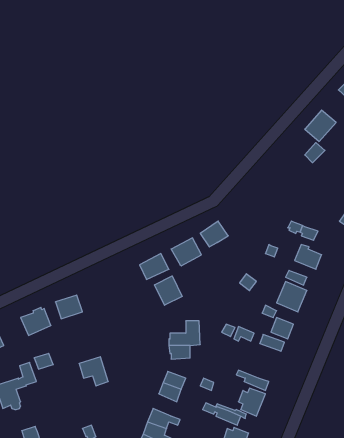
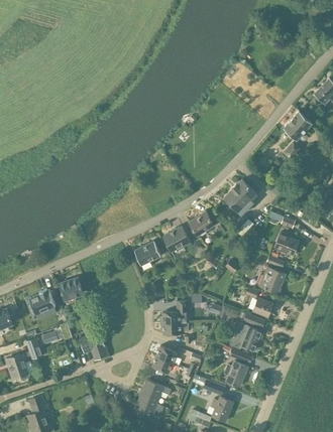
building: none -> [224,180,257,215]
building: [155,276,182,305] -> none
building: none -> [232,323,263,351]

